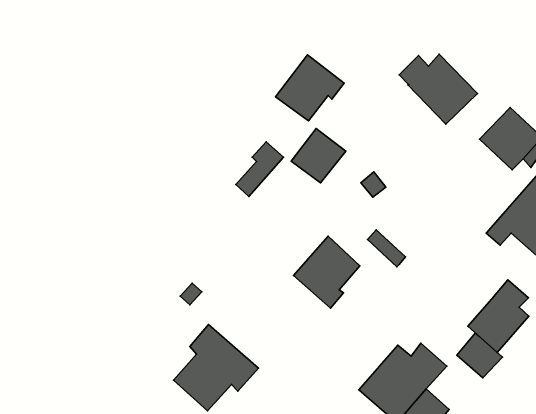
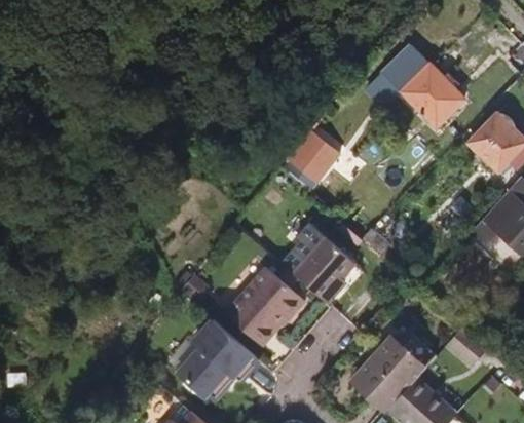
building: [275,55,344,121] -> none
building: [236,142,284,196] -> [278,220,324,271]
building: none -> [225,265,304,343]
building: [468,280,529,353] -> none

